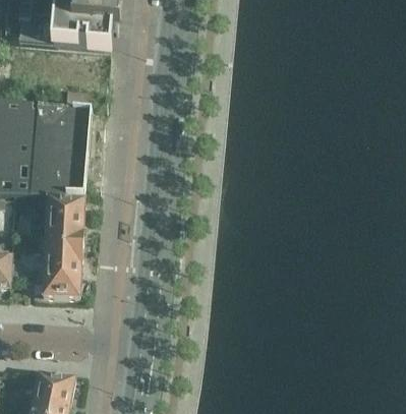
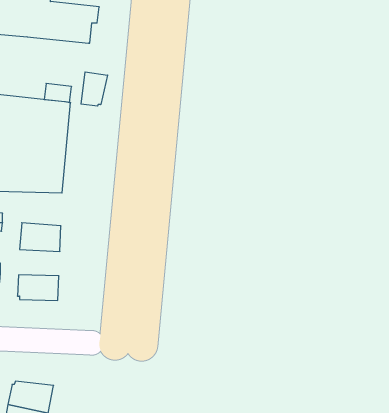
building: none -> [81,72,108,106]
building: [44,196,83,227] -> none
building: [41,249,80,275] -> none

